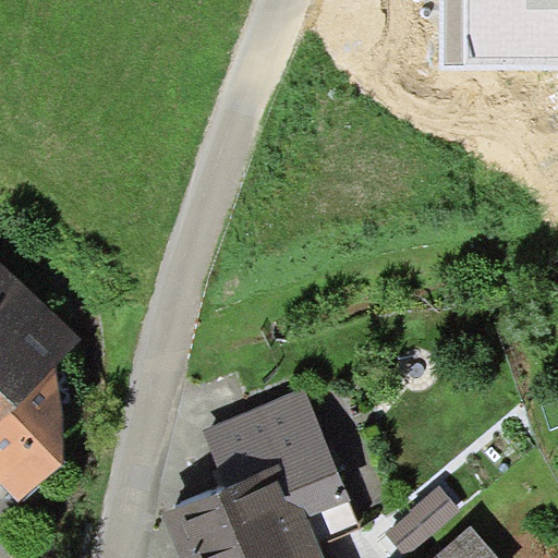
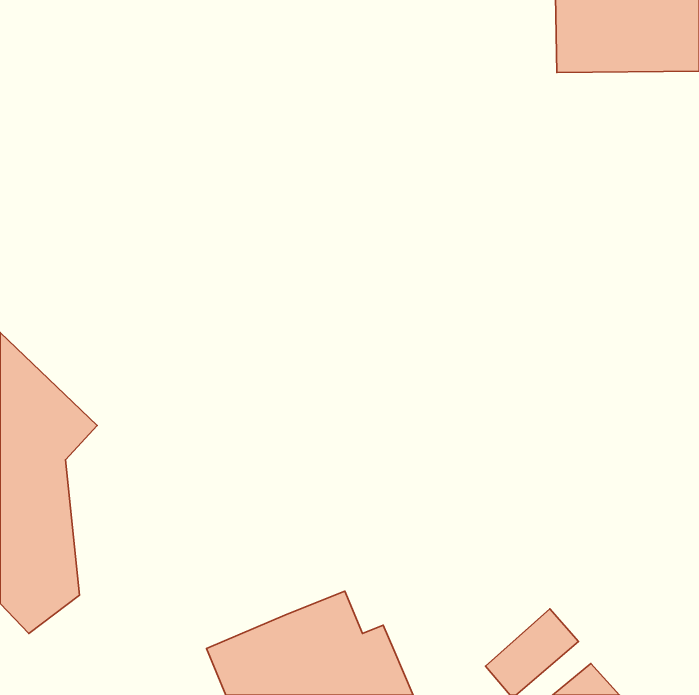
building: [205,390,351,518] -> none

